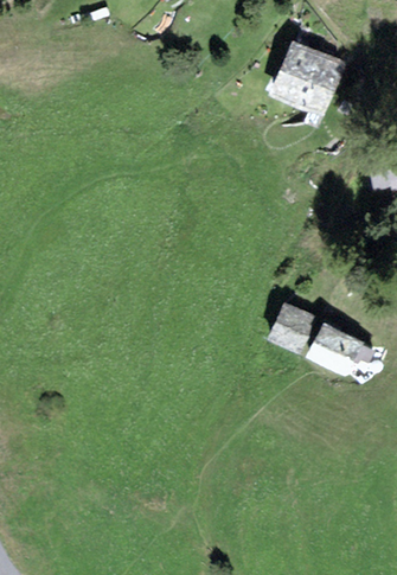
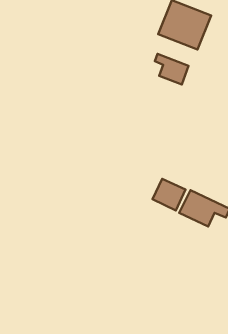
building: none -> [155,54,189,85]

